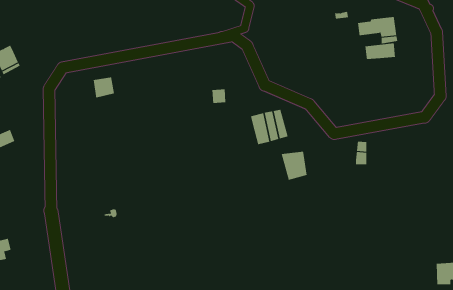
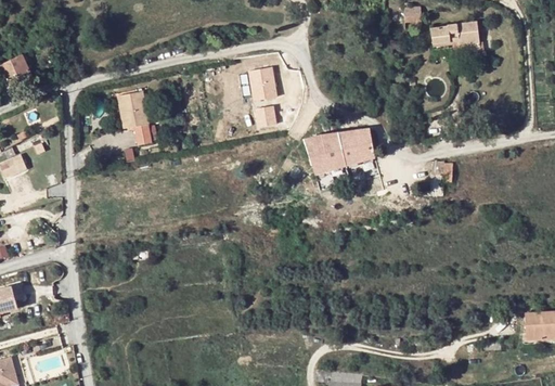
building: [365,42,395,60] -> none
building: none -> [254,67,276,95]
building: none -> [121,112,151,144]
building: [281,151,307,181] -> [341,128,373,163]

